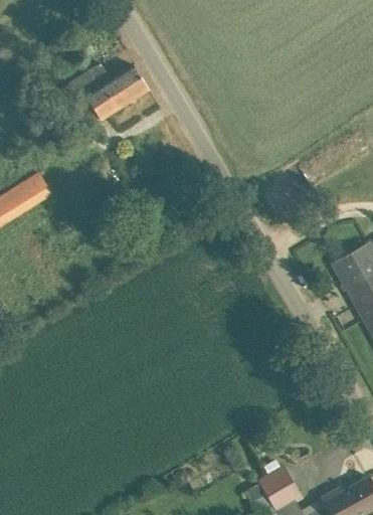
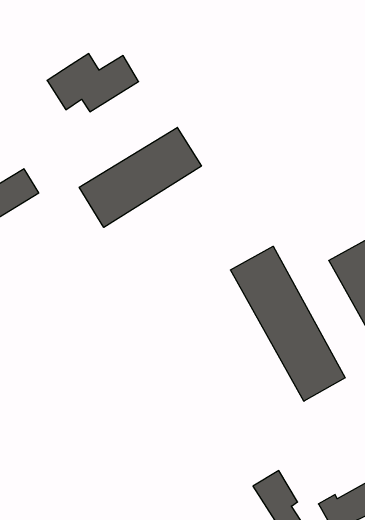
building: none -> [79,127,201,227]
building: none -> [230,246,345,401]

